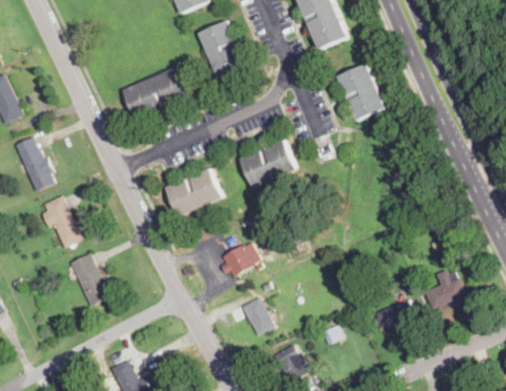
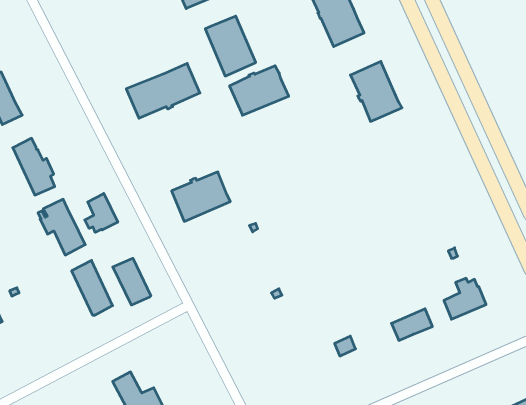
building: [239,139,296,186] -> [230,66,289,115]
building: none -> [85,193,118,232]
building: [219,242,261,277] -> none
building: none -> [113,258,151,305]
building: [240,297,275,335] -> none
building: [272,345,306,382] -> none

